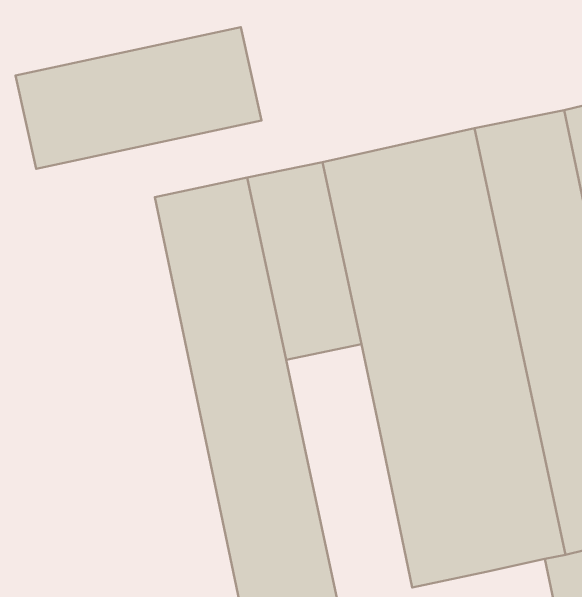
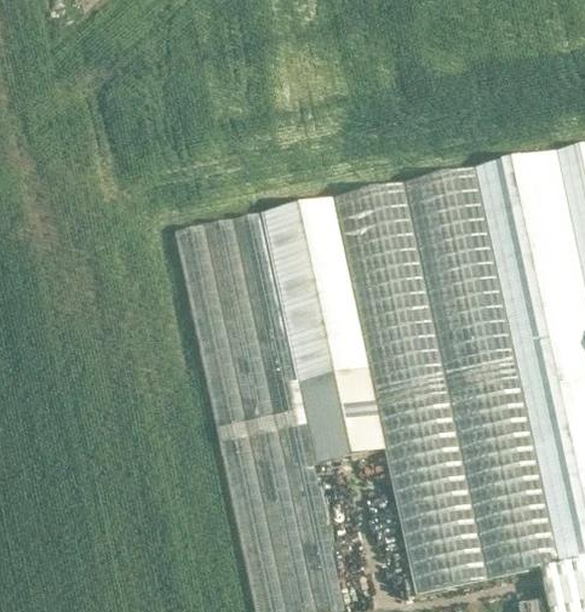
building: [15,27,261,169] -> none
building: none -> [299,366,386,462]

